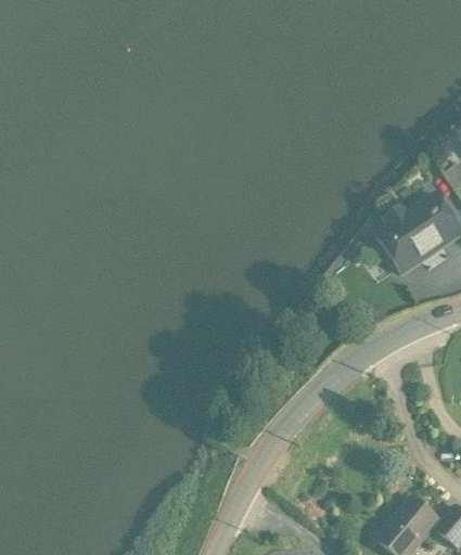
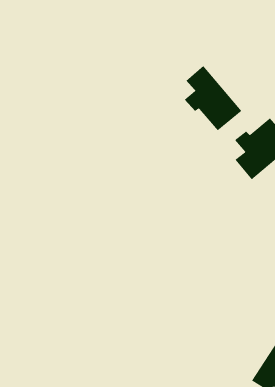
building: none -> [184,65,242,131]

